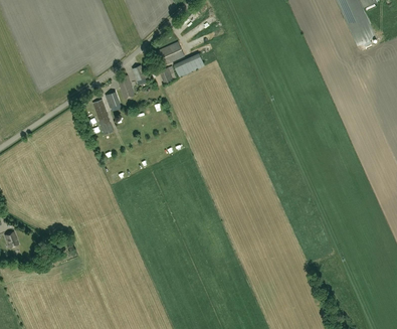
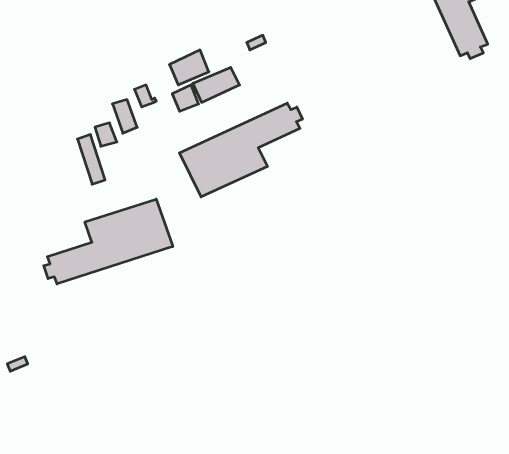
building: none -> [179,103,302,197]
building: none -> [44,199,173,284]

